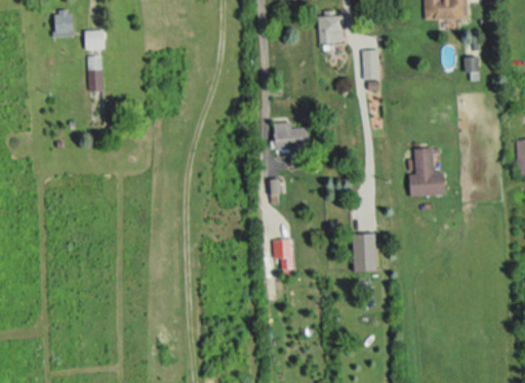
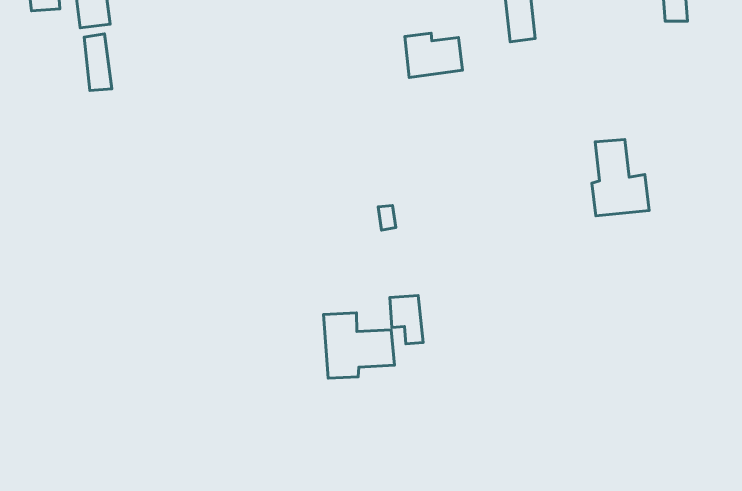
building: [274,123,310,151] -> [405,33,463,77]
building: [352,233,376,272] -> none
building: none -> [324,313,394,378]

